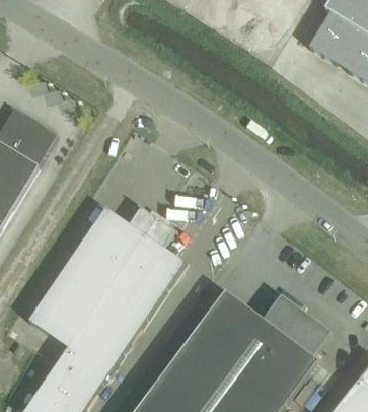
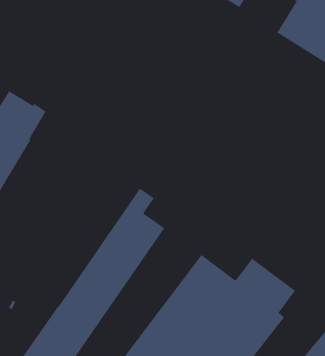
building: [29,204,158,347] -> none

